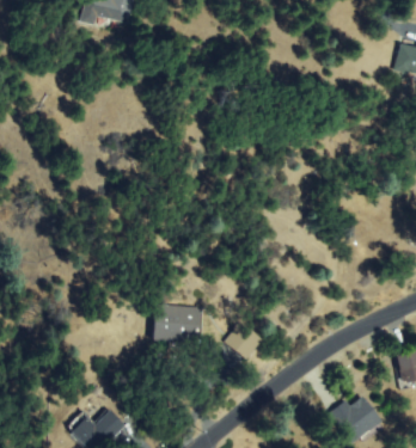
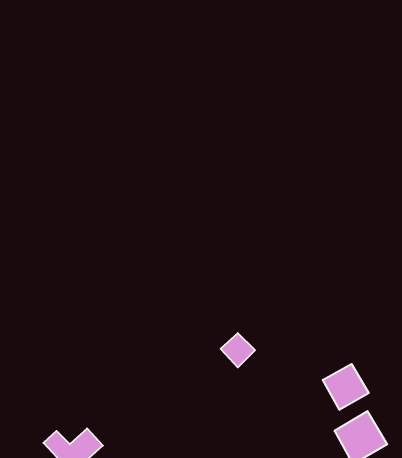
building: [155,303,203,345] -> none
building: none -> [323,364,369,410]

